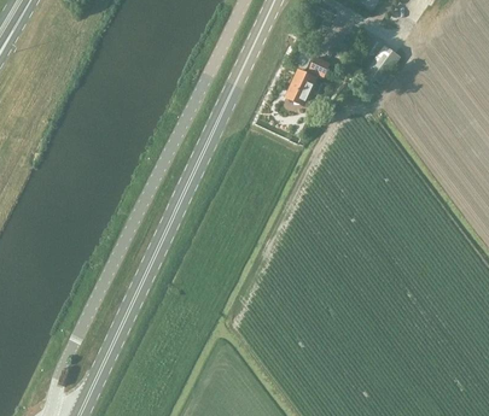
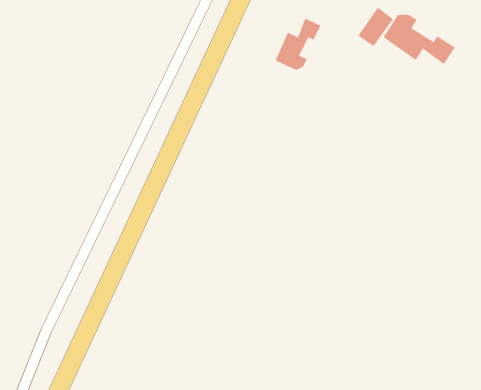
building: none -> [383,14,455,65]

